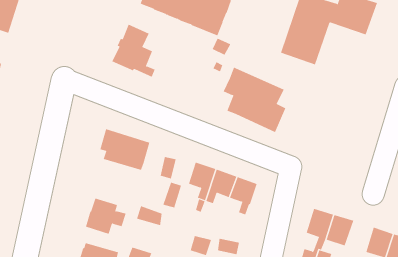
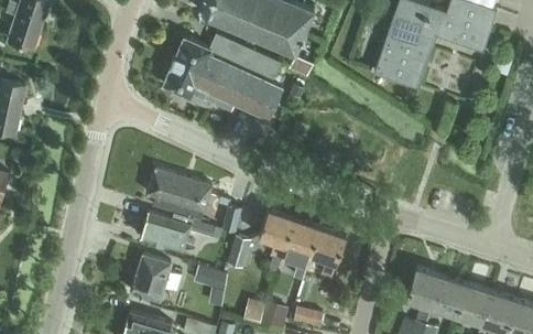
building: [223,67,286,133] -> [202,35,281,118]
building: none -> [139,213,221,251]
building: none -> [455,284,490,324]

